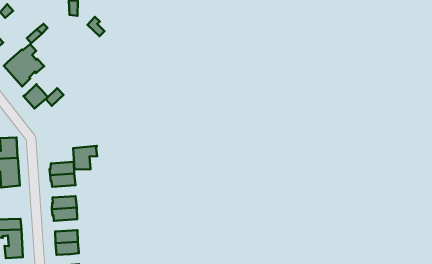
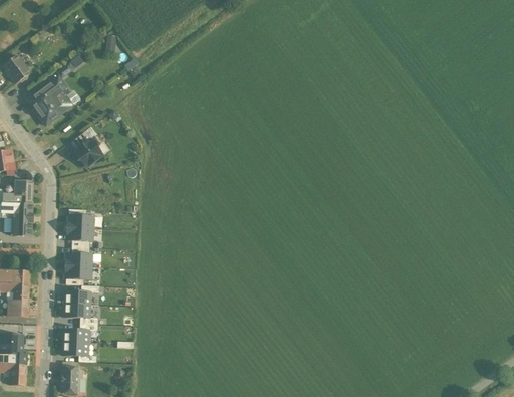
building: [23,84,48,109] -> [74,138,101,165]
building: [73,146,97,170] -> none

